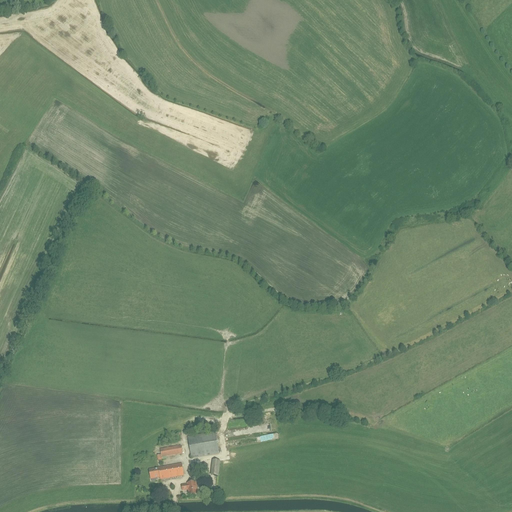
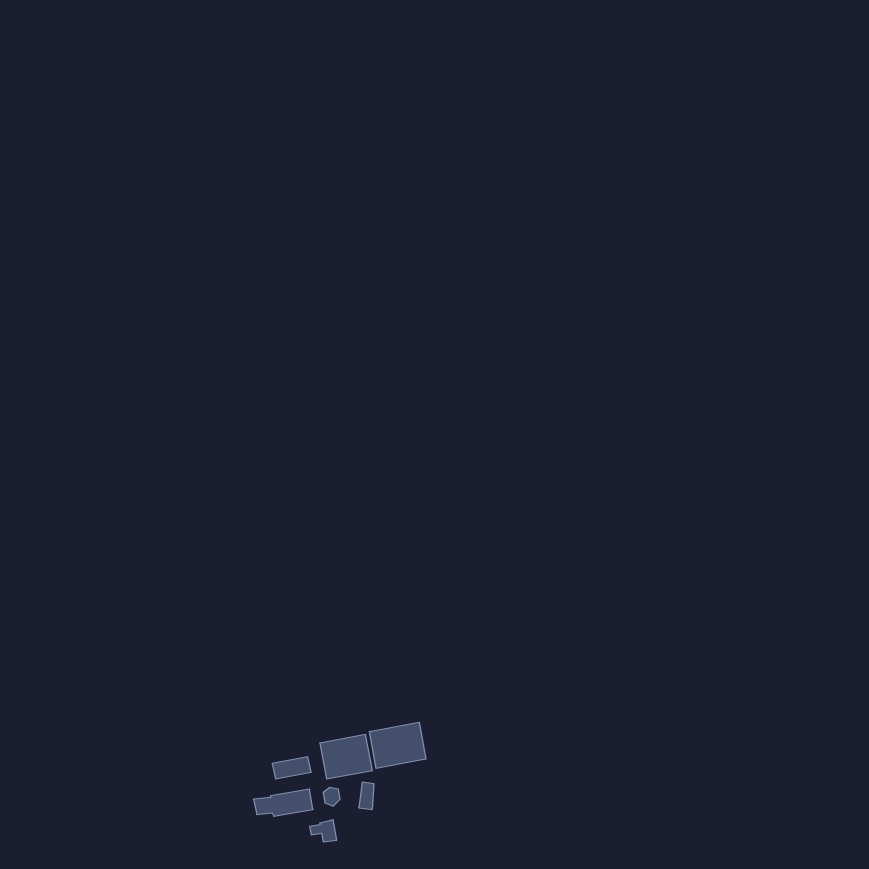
building: none -> [369,722,426,768]

